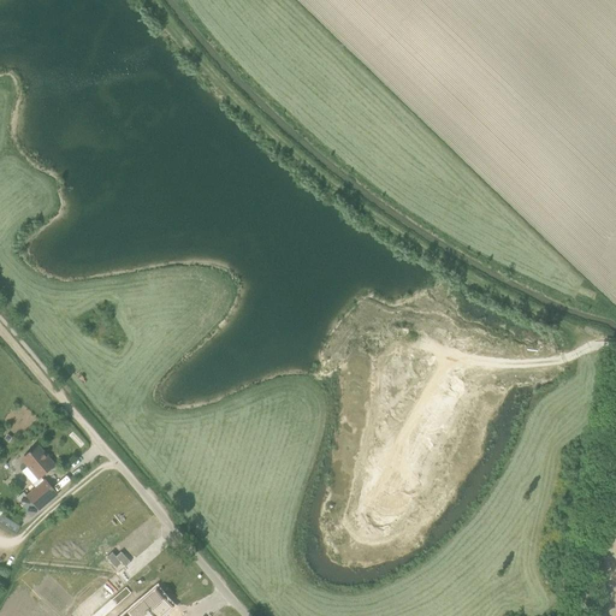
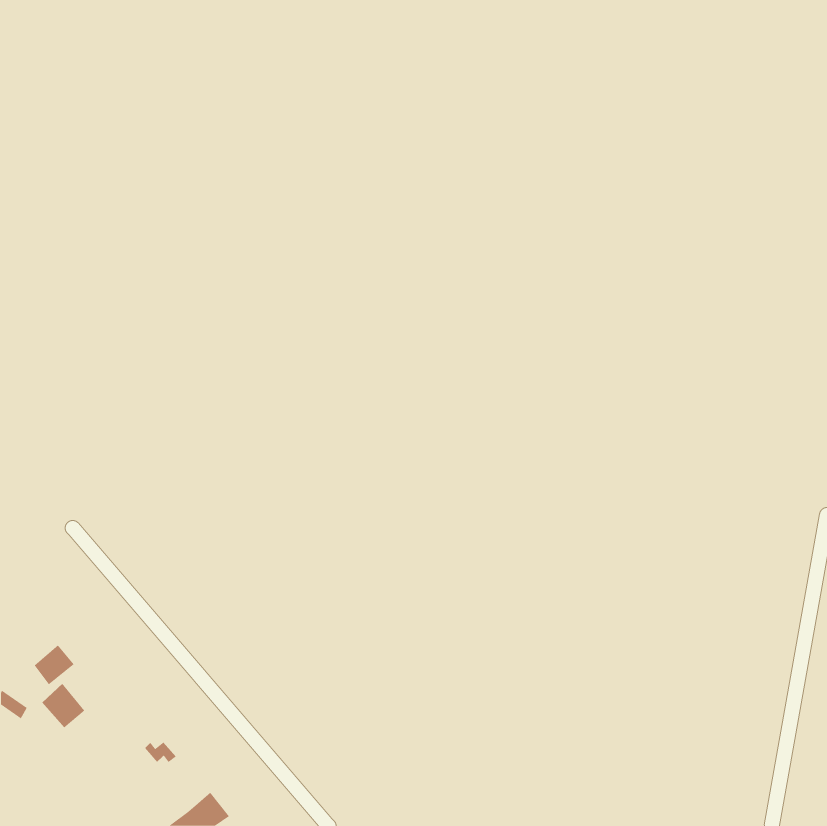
building: [19,444,52,478] -> [41,683,85,728]

